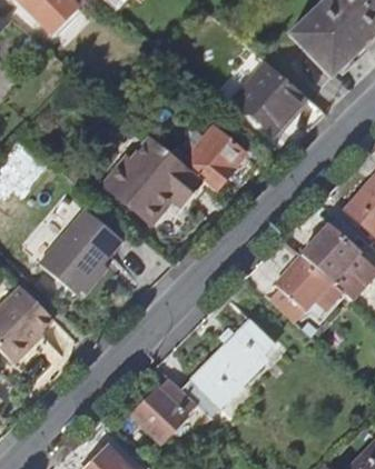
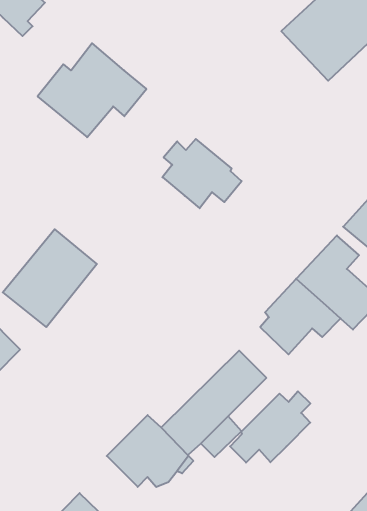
building: [234,61,306,132] -> none
building: [103,139,201,223] -> [38,43,146,137]
building: none -> [230,391,310,463]

